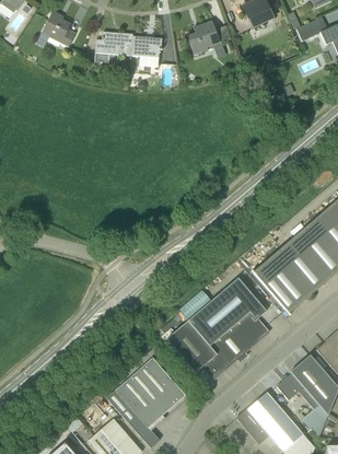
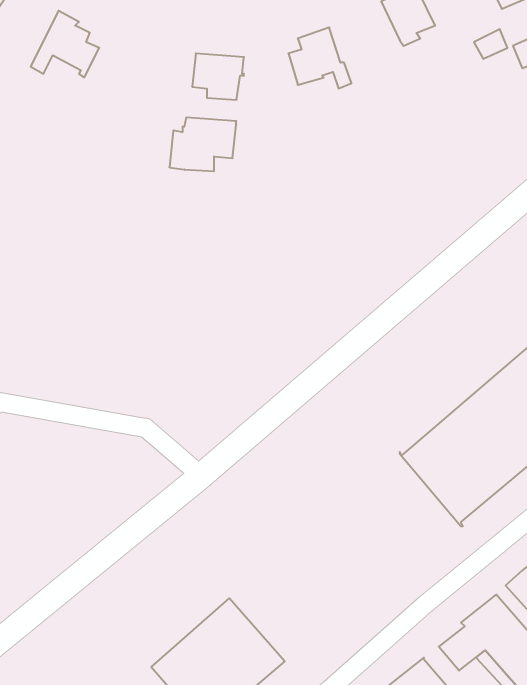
building: [93,31,132,62] -> [169,117,236,171]
building: [166,278,266,374] -> none

